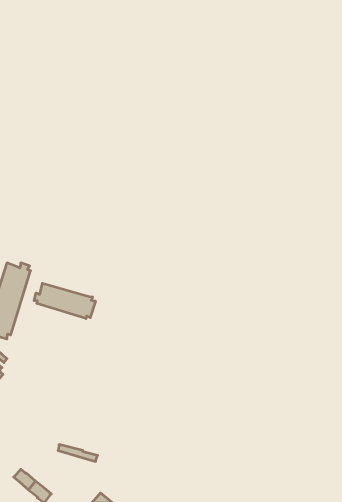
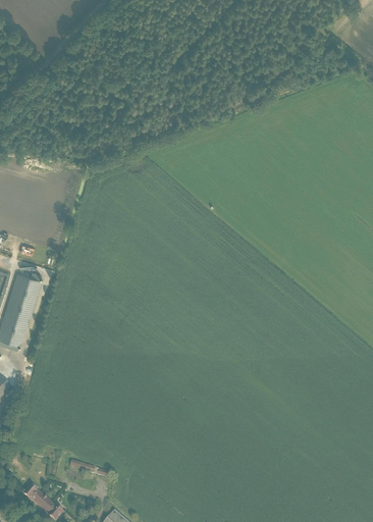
building: [34,283,95,319] -> none

